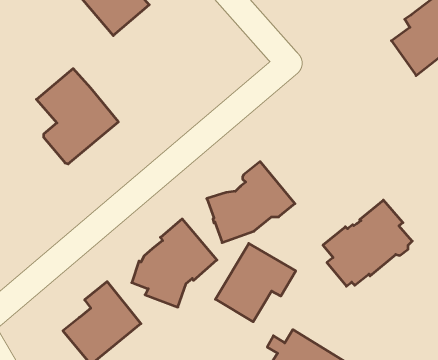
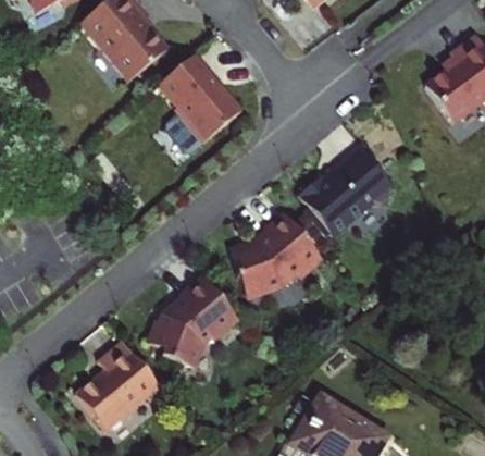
building: [36,69,118,164] -> [157,53,244,155]
building: [323,200,412,286] -> [299,146,394,237]
building: [215,243,296,322] -> none

